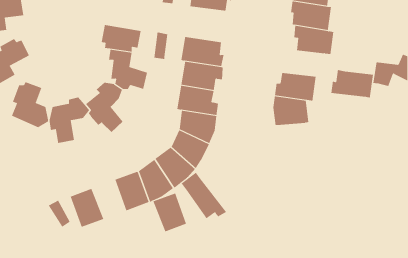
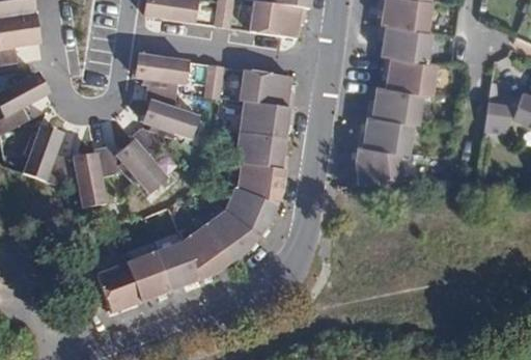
building: [331,70,374,98] -> [367,85,422,121]
building: [181,172,227,219] -> none
building: [153,192,187,232] -> [125,251,169,302]

